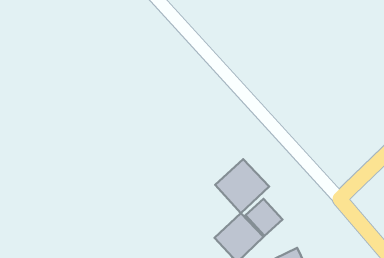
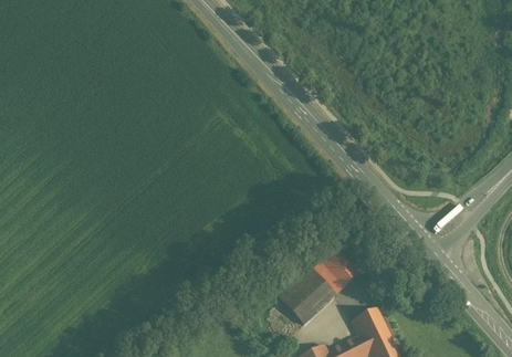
building: [215,159,269,213] -> none

